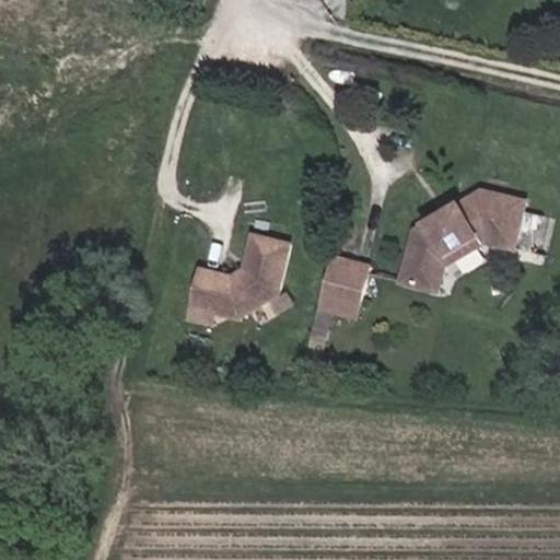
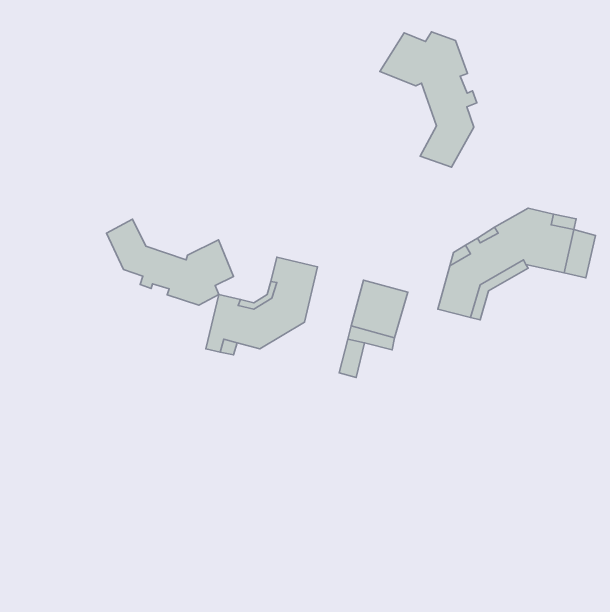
building: none -> [380,32,477,167]
building: none -> [106,219,234,305]

